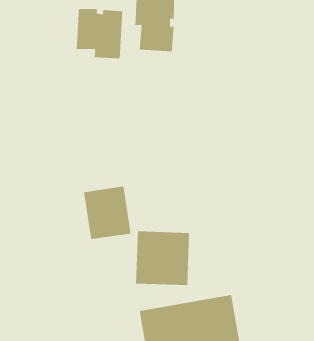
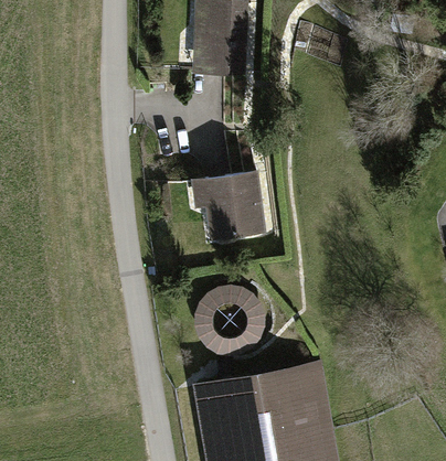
building: [76,8,123,59] -> none
building: [83,186,131,239] -> [205,170,264,235]

